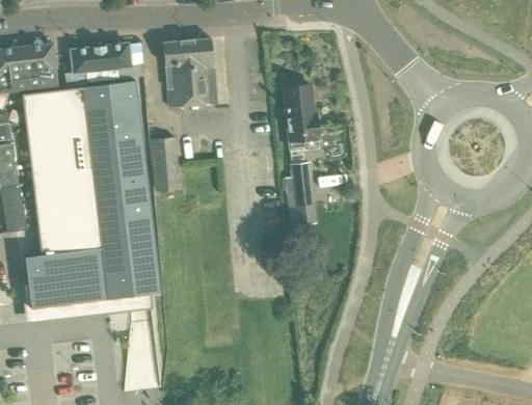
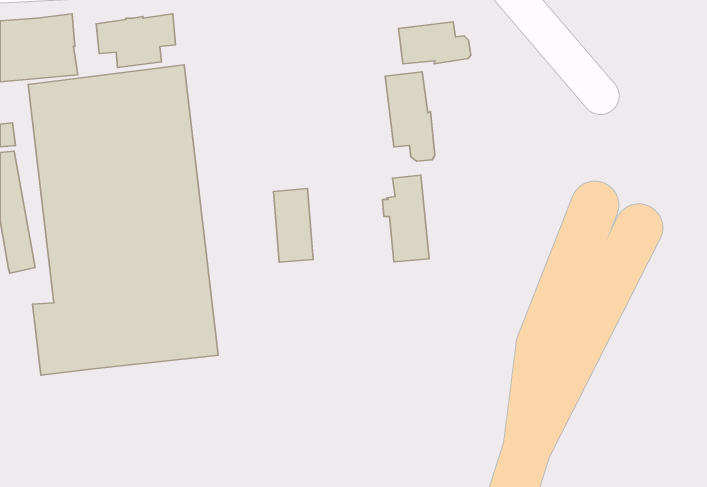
building: [163,37,218,108] -> none
building: none -> [398,22,471,64]
building: [151,136,180,190] -> [274,189,313,262]

